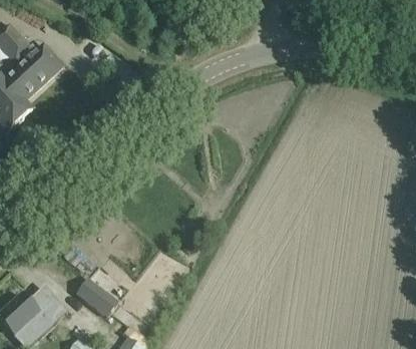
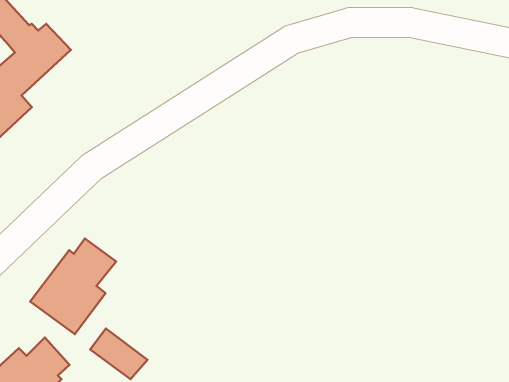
building: none -> [30,239,116,334]

